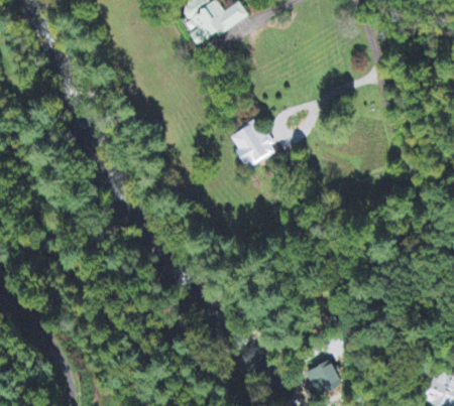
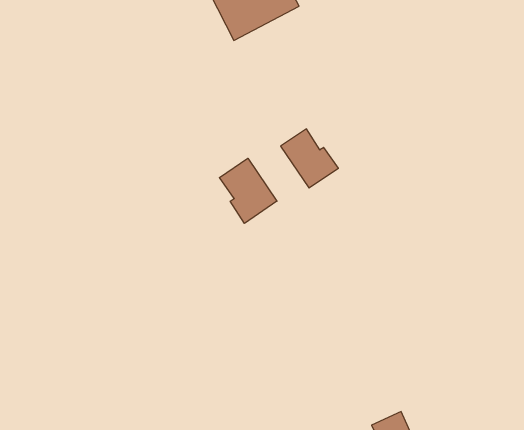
building: none -> [219,158,277,223]

